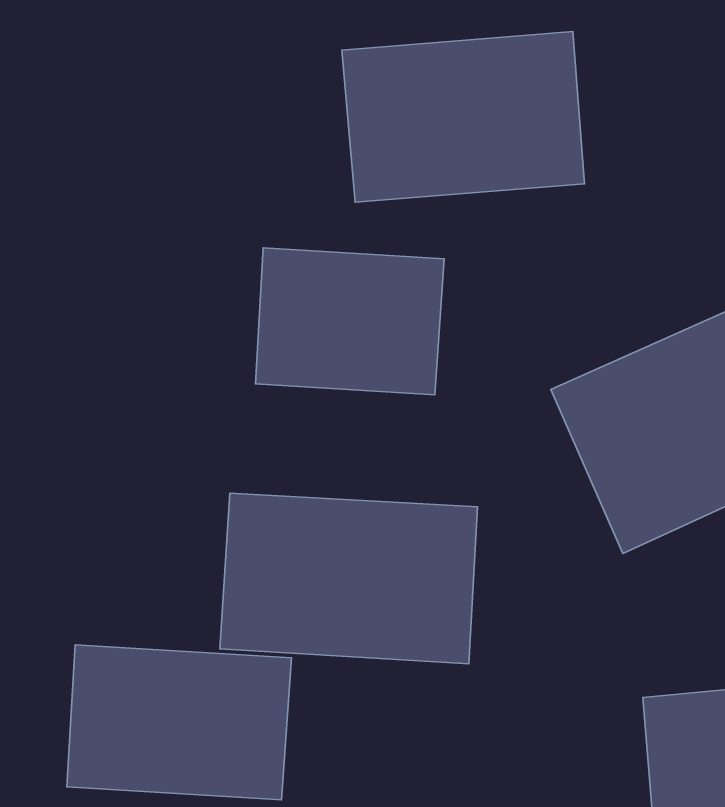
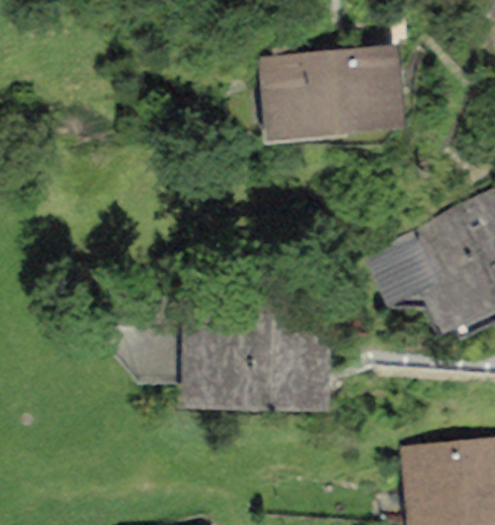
building: [255,248,444,395] -> none
building: [67,645,291,800] -> none

